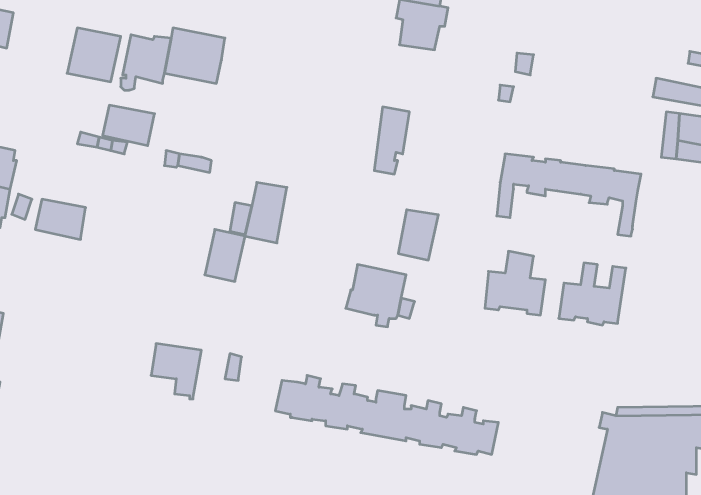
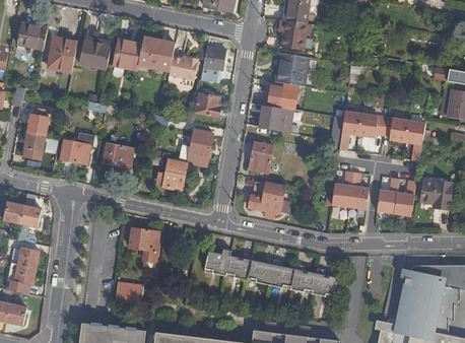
building: none -> [48,31,77,70]
building: none -> [200,46,224,82]
building: none -> [280,53,309,85]
building: none -> [169,56,198,79]
building: [103,105,155,146] -> [103,143,134,167]
building: none -> [195,92,220,117]
building: [398,210,438,260] -> [249,142,273,173]
building: none -> [421,177,453,208]
building: none -> [116,281,144,303]

